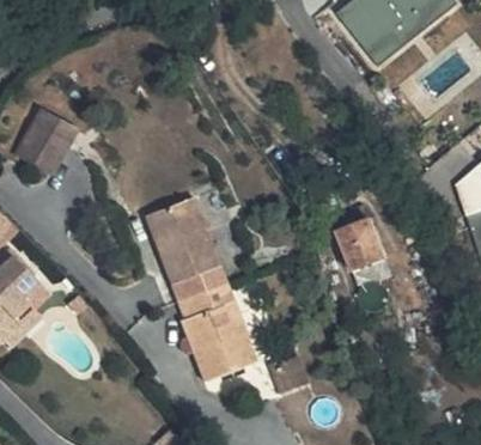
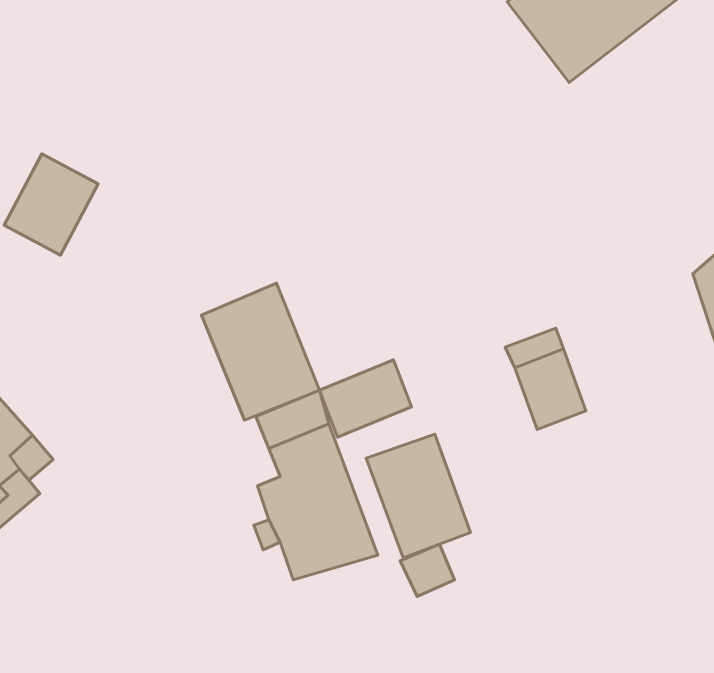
building: none -> [320,360,412,437]
building: none -> [366,434,471,558]

